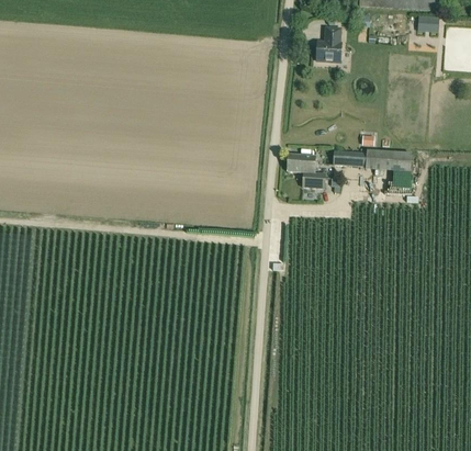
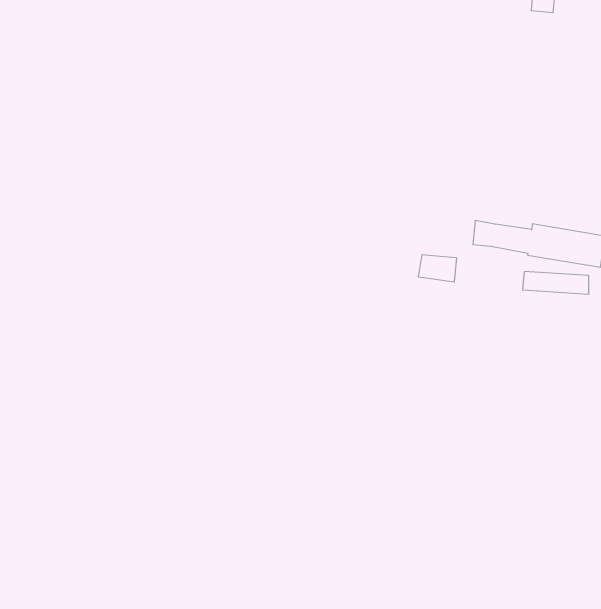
building: [317,27,341,61] -> none
building: [287,155,315,173] -> none

